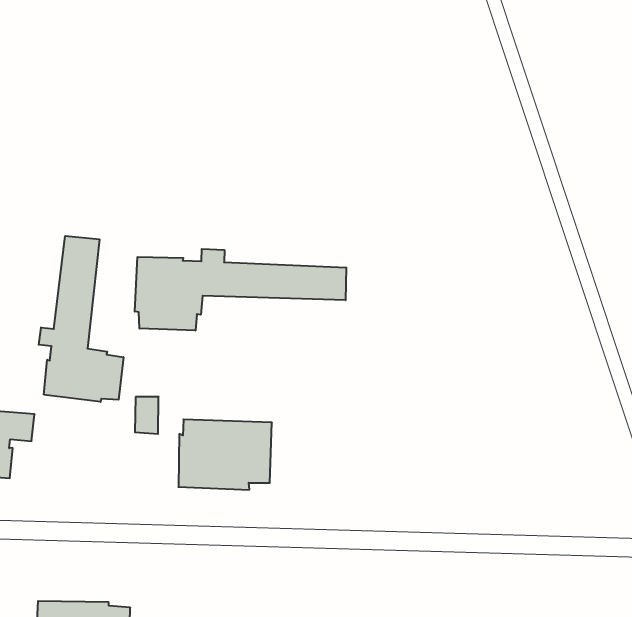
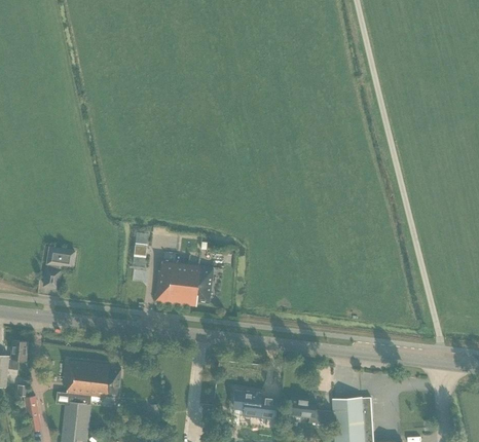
building: [39,236,123,402] -> none
building: [135,249,346,331] -> none

